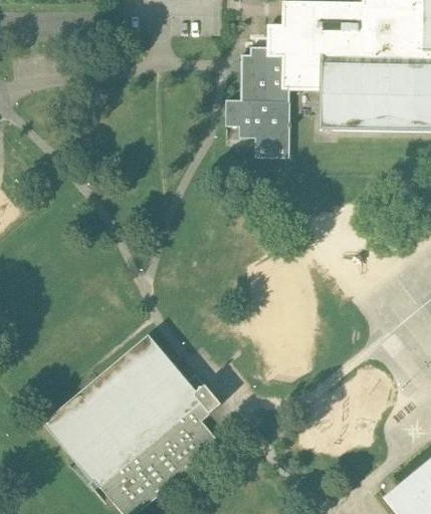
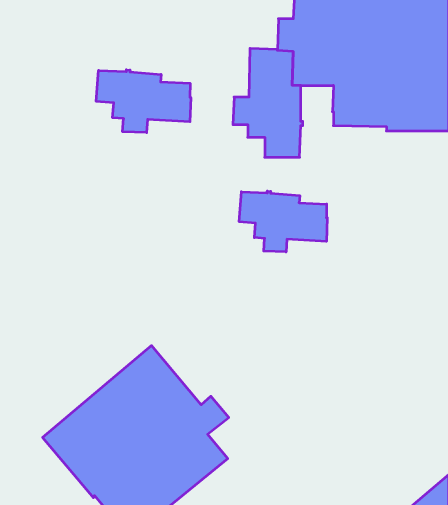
building: none -> [96,70,191,133]
building: none -> [239,191,327,252]

